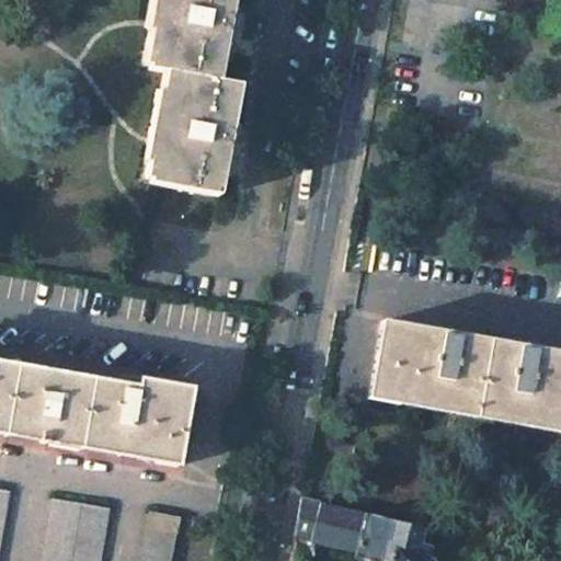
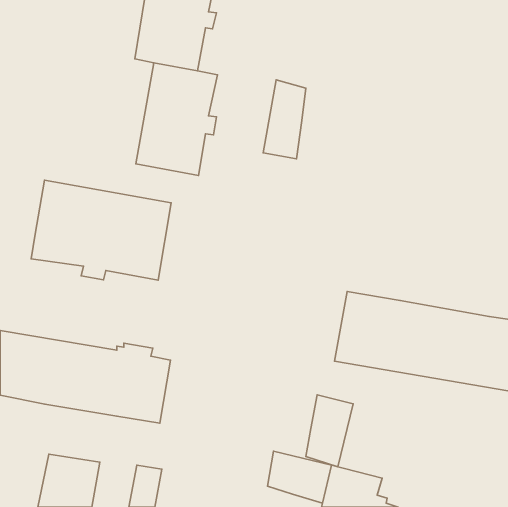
building: none -> [263,80,306,159]
building: none -> [31,180,171,280]
building: none -> [306,395,353,467]

